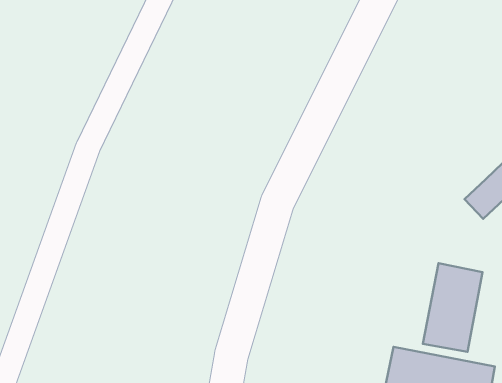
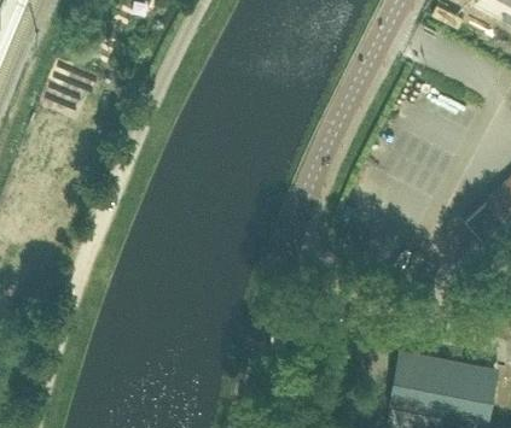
building: [423,263,483,352] -> none

